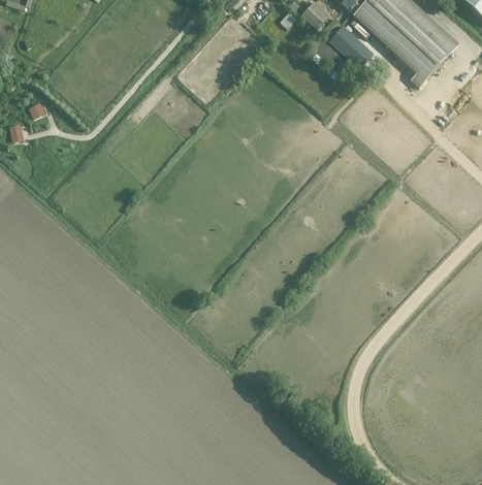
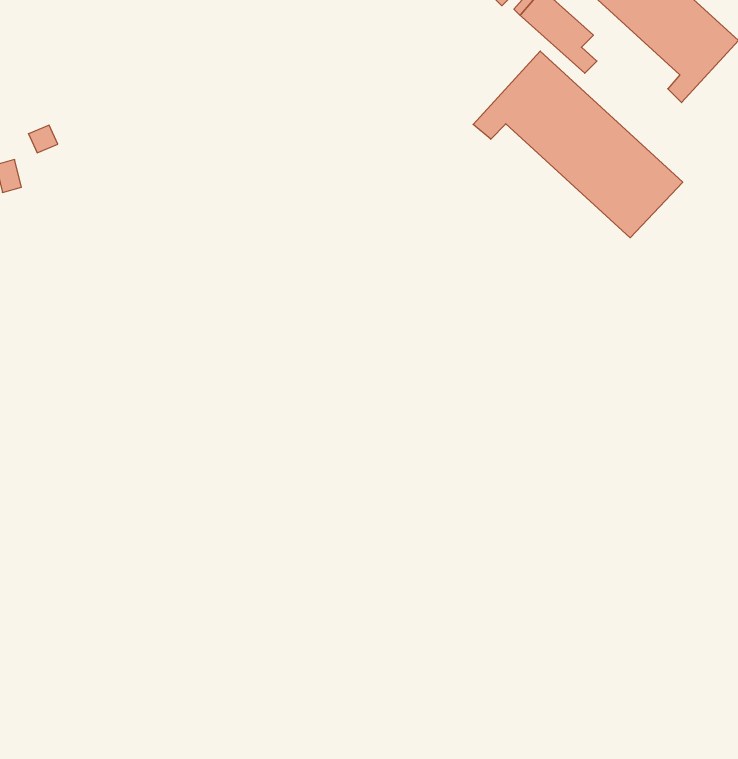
building: none -> [473,51,683,238]

